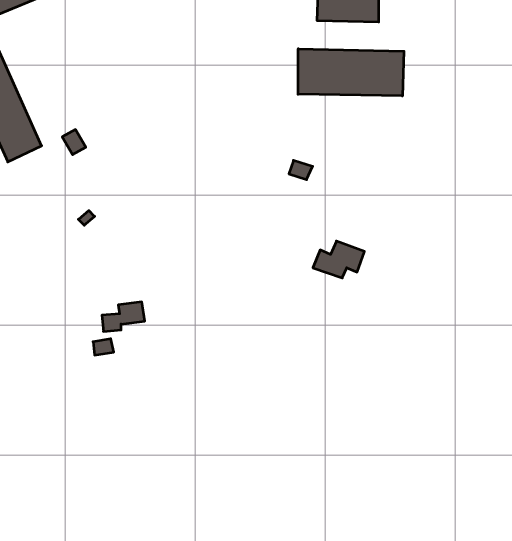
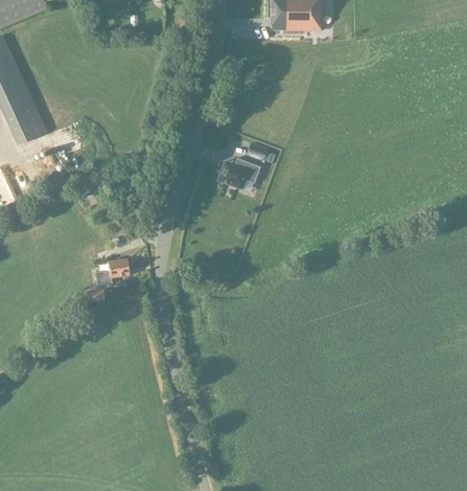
building: [298,49,404,96] -> none
building: [313,241,364,278] -> [219,158,261,188]

